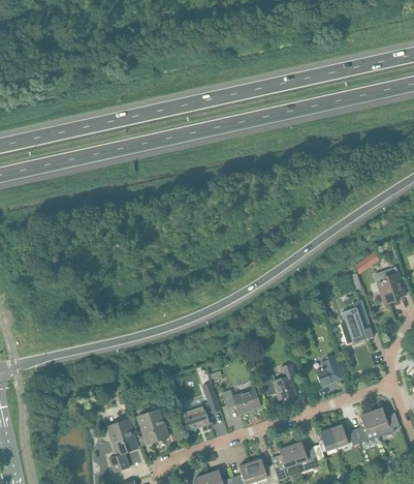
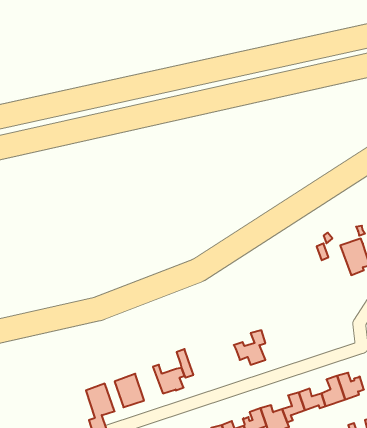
building: [342,299,374,343] -> none
building: [317,355,343,386] -> none
building: [222,389,261,414] -> none

